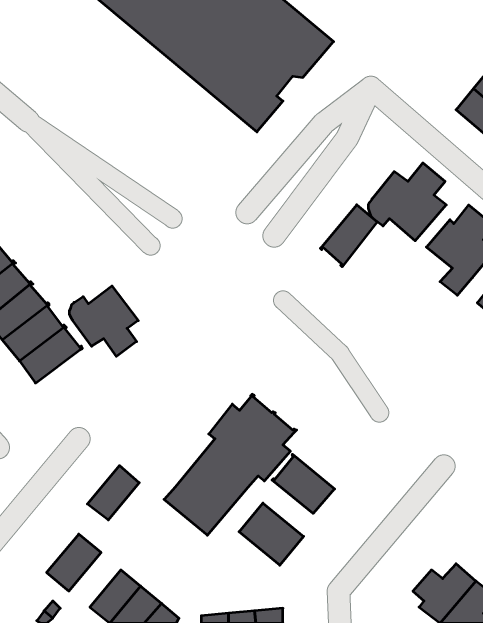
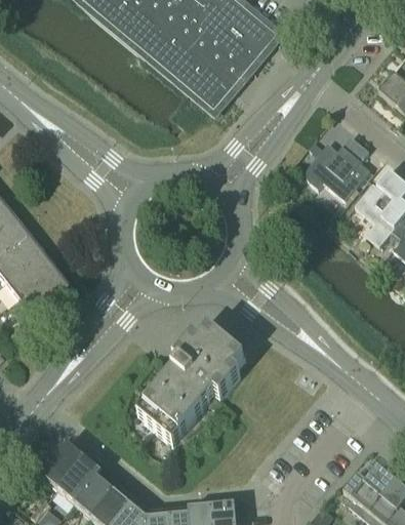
building: [320,205,377,267] -> none
building: [69,286,138,356] -> none
building: [272,454,335,513] -> none
building: [87,466,139,520] -> [58,458,102,503]
building: [239,503,304,565] -> none

